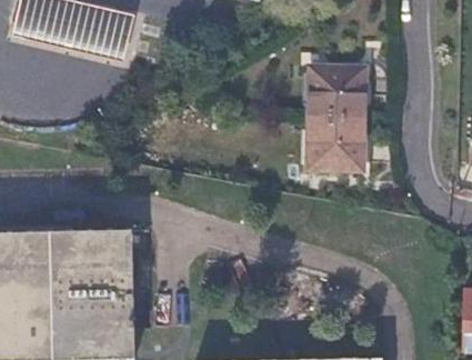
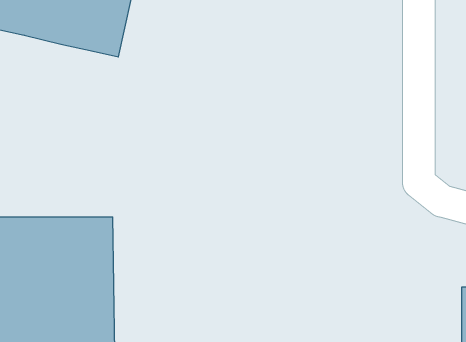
building: [308,64,365,171] -> none

